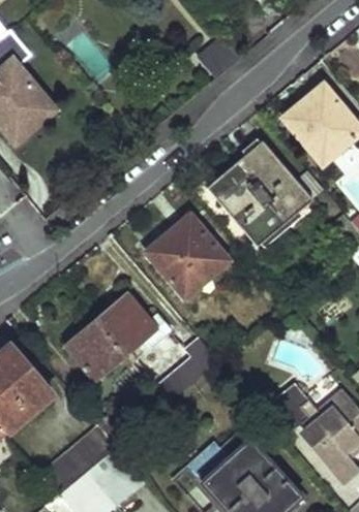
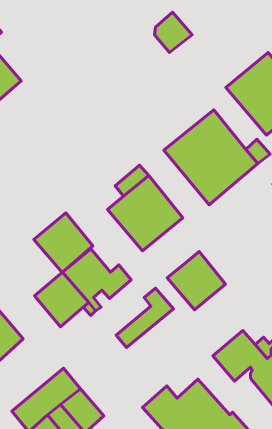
building: none -> [34,213,93,273]
building: none -> [167,252,225,310]

